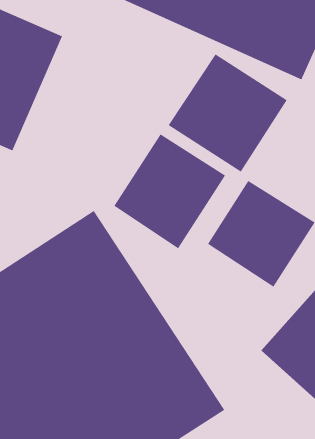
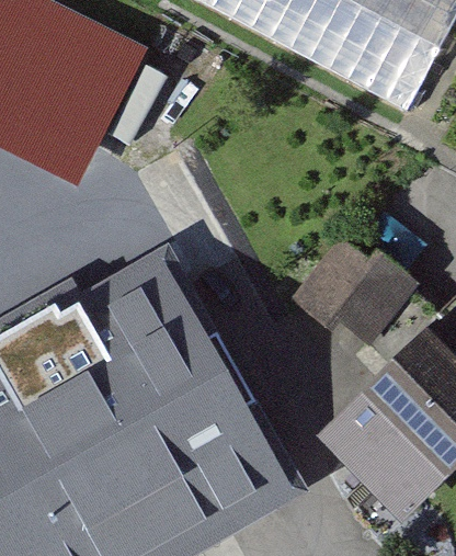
building: [168,53,287,173] -> none
building: [113,134,226,249] -> none

